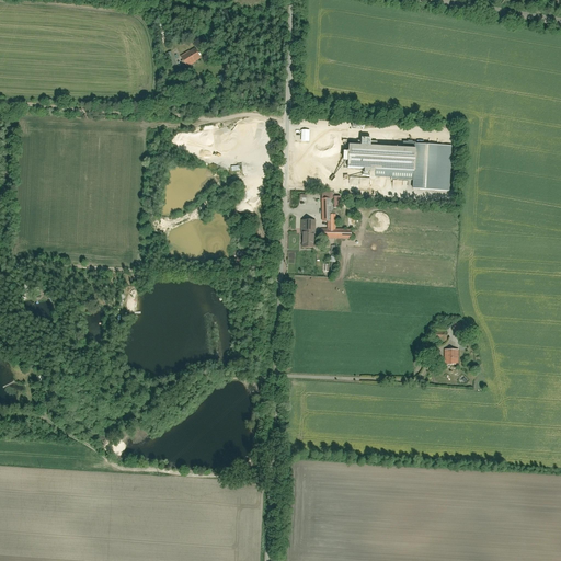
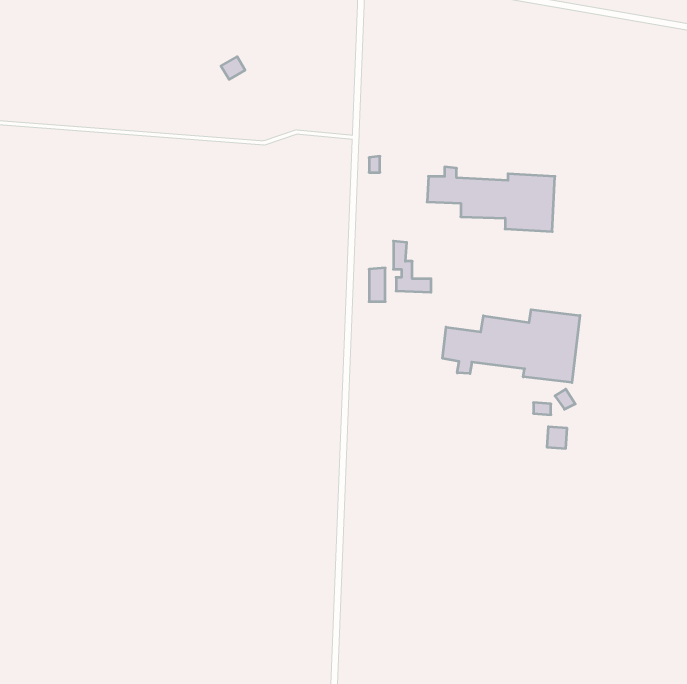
building: none -> [443,310,580,383]

